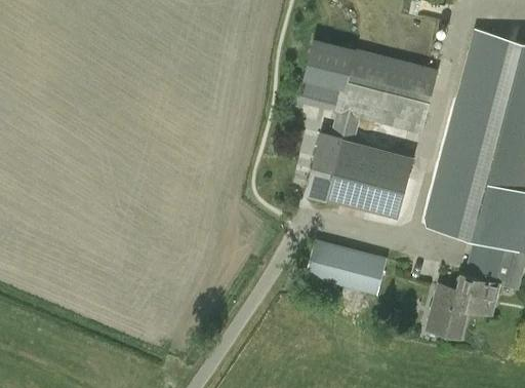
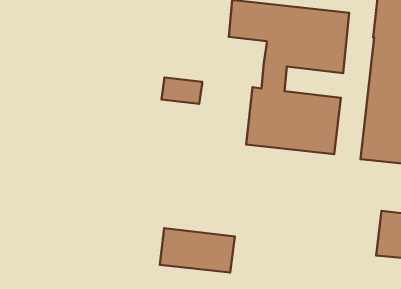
building: [298,77,344,110] -> [162,78,202,104]
building: [305,239,388,296] -> [160,228,235,272]

